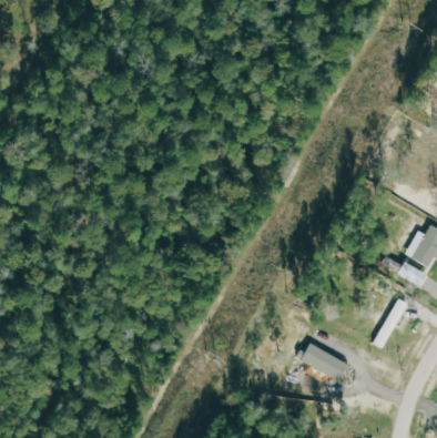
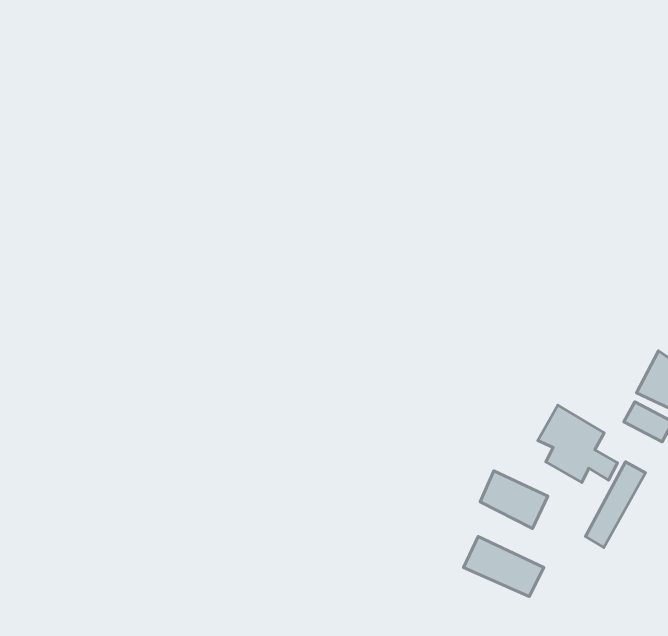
building: none -> [538,405,617,482]
building: none -> [480,471,548,528]

